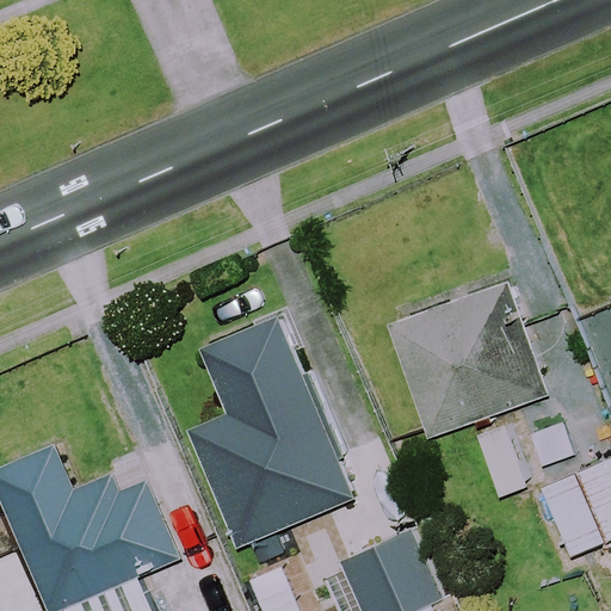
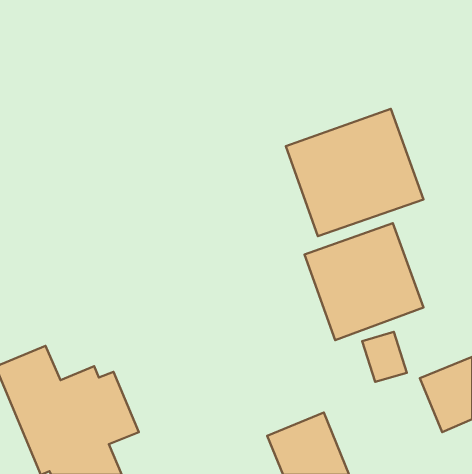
building: none -> [286,109,423,236]
building: [186,317,352,544] -> none

